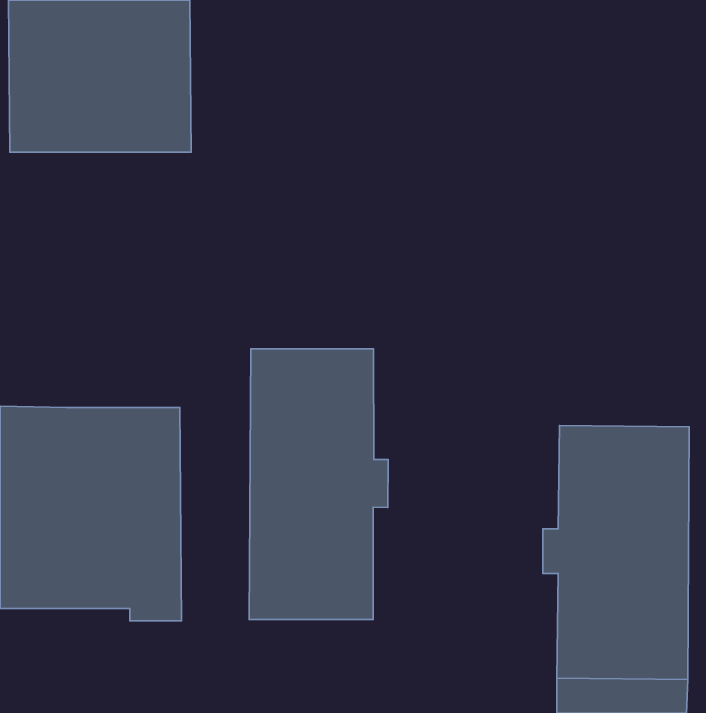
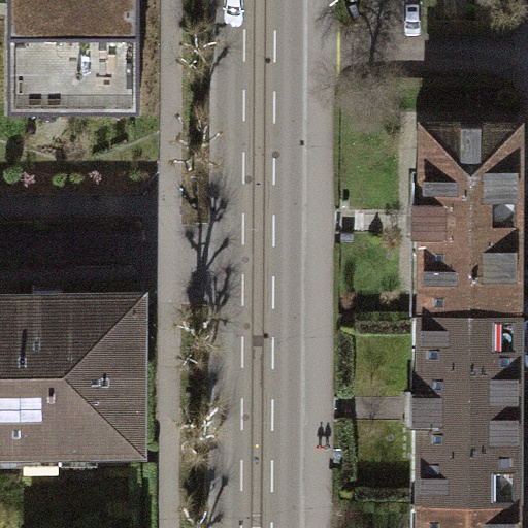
building: none -> [407,124,517,316]
building: [249,349,388,620] -> none

